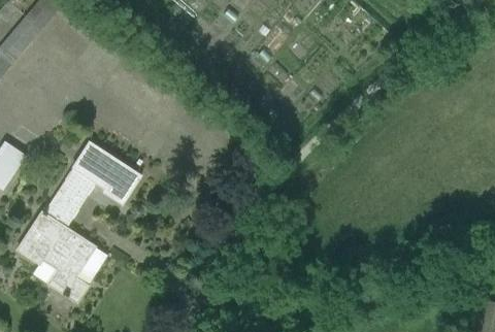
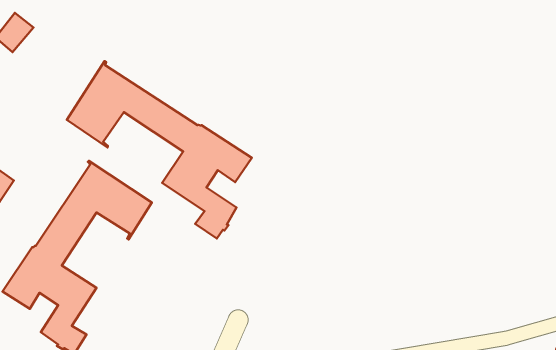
building: none -> [67,61,252,239]

